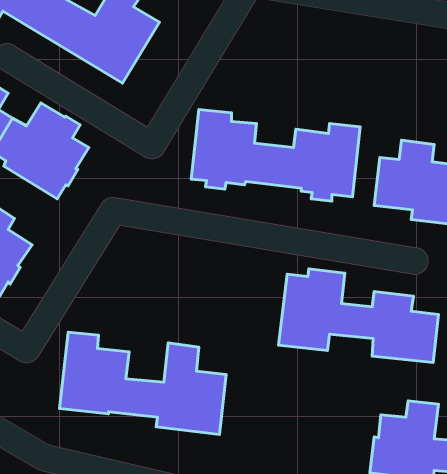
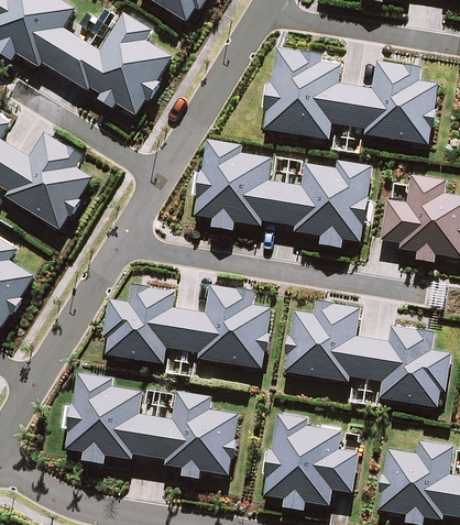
building: none -> [263,54,434,142]
building: none -> [103,283,265,364]
building: none -> [262,408,363,501]

